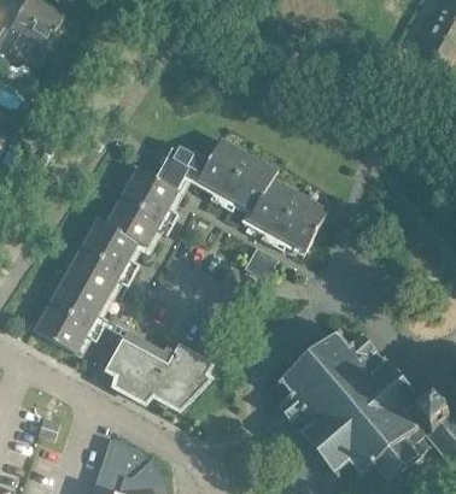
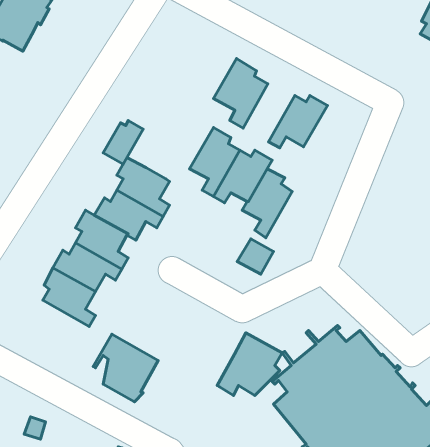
building: none -> [214,58,268,128]
building: [154,146,193,188] -> [103,120,143,164]
building: [270,200,327,251] -> [269,95,327,148]
building: [34,305,100,353] -> none
building: [150,342,212,402] -> [217,333,282,395]

